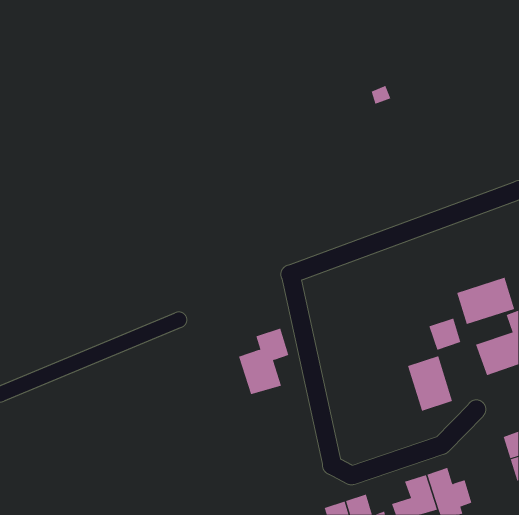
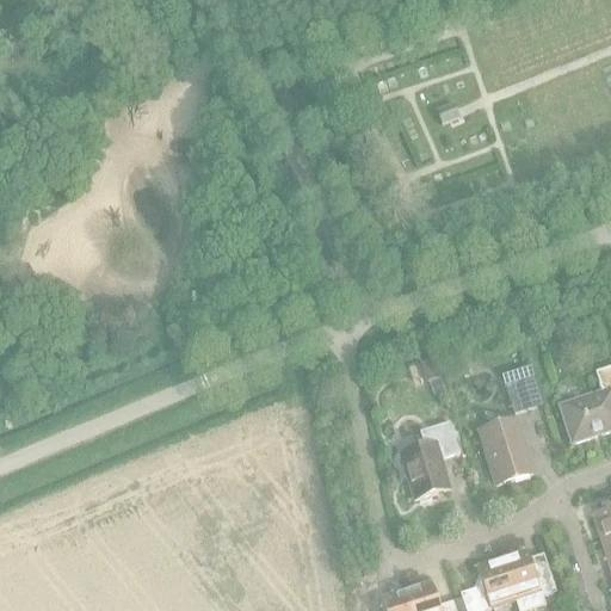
building: [457,277,515,325] -> none
building: [238,328,289,395] -> [399,420,458,499]

